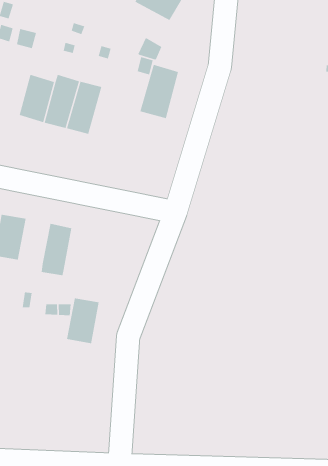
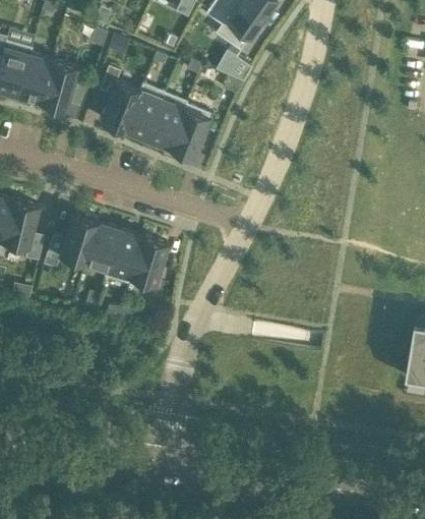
building: [140,64,179,119] -> [168,104,210,159]
building: none -> [85,224,120,270]
building: [66,298,100,344] -> [129,238,166,285]

